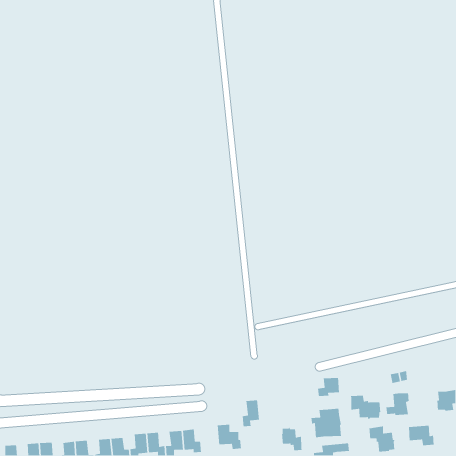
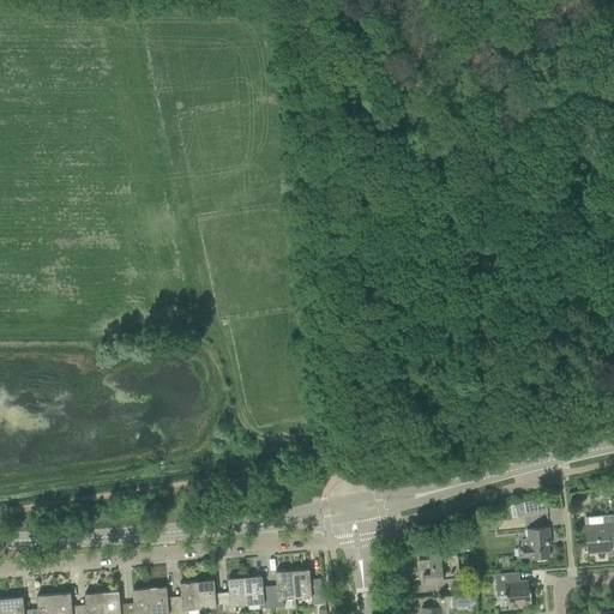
building: [317,377,340,397] -> none
building: [350,395,381,420] -> none
building: [242,400,260,427] -> [270,571,294,608]
building: [408,425,435,446] -> none
building: [281,427,303,451] -> none

